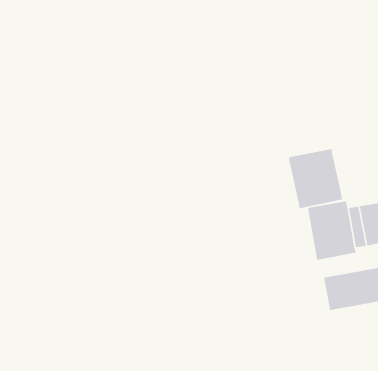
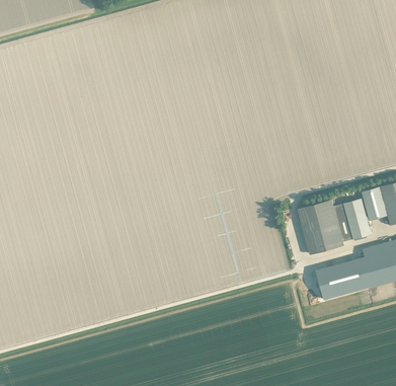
building: [288,148,343,209] -> none

